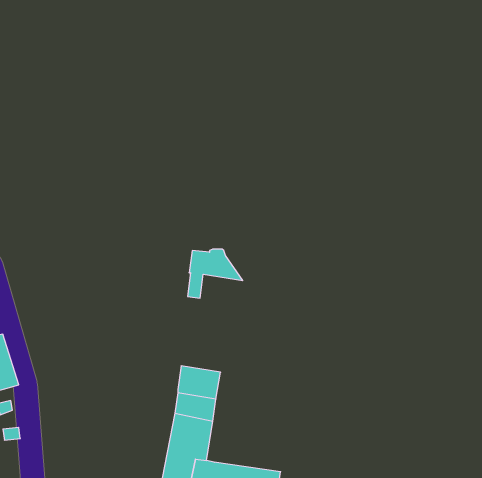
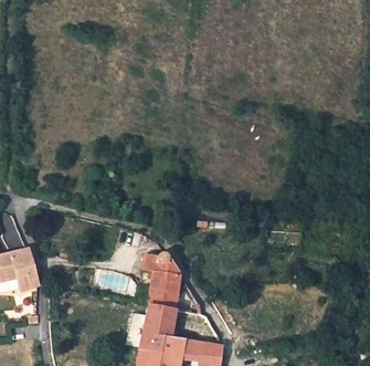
building: [188,249,243,298] -> [142,253,181,287]

